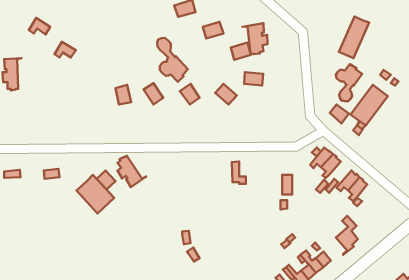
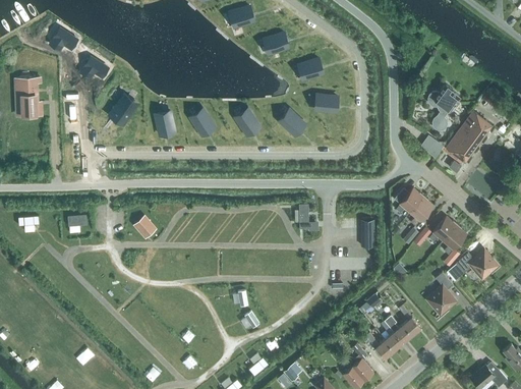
building: [339,16,369,58] -> none
building: [242,23,268,54] -> none
building: [157,38,188,82] -> none
building: none -> [109,95,136,123]
building: [118,156,146,187] -> none
building: [76,175,114,213] -> none
building: none -> [455,249,501,278]

